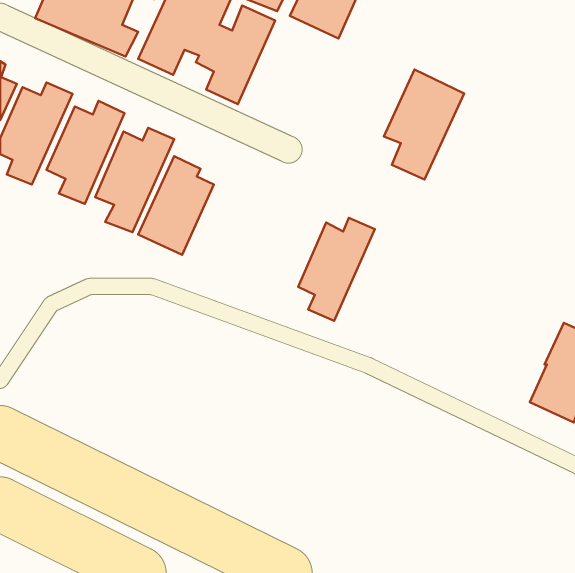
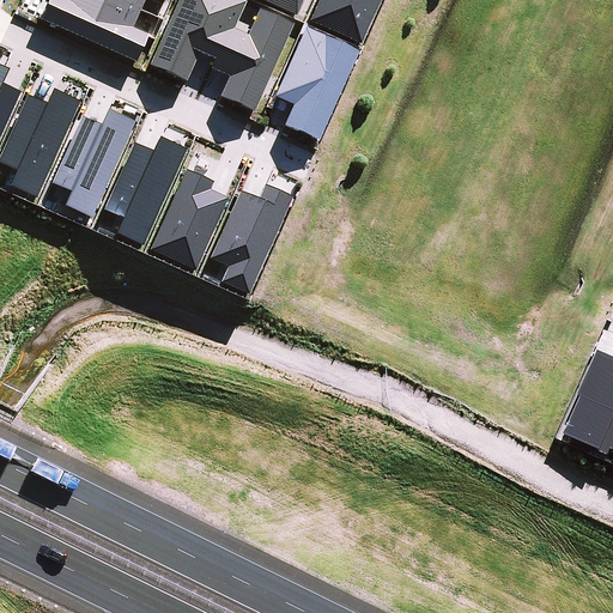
building: [384,70,464,179] -> [275,24,360,140]
building: [298,218,375,321] -> [211,183,292,292]

